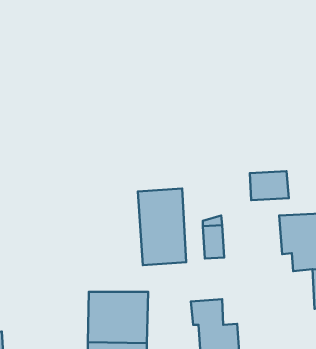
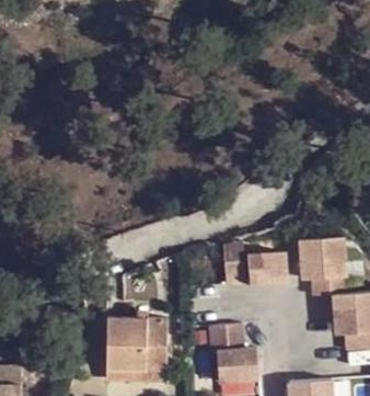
building: [250,171,289,200] -> [246,252,286,282]
building: [138,188,186,265] -> none

